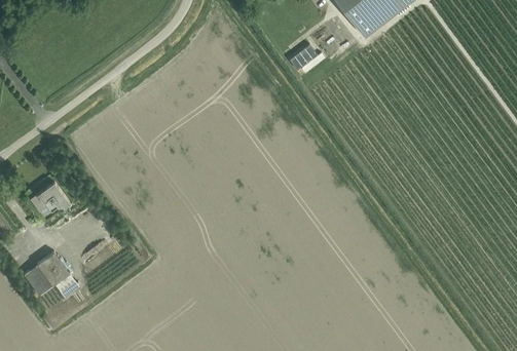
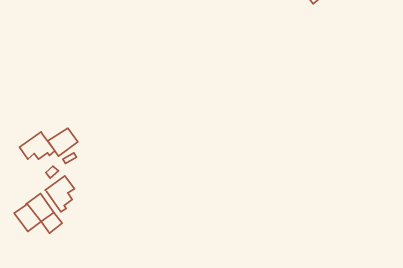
building: none -> [48,128,78,156]
building: none -> [45,176,74,212]

